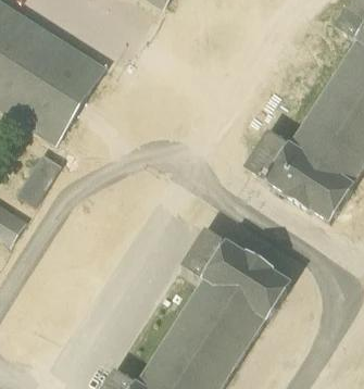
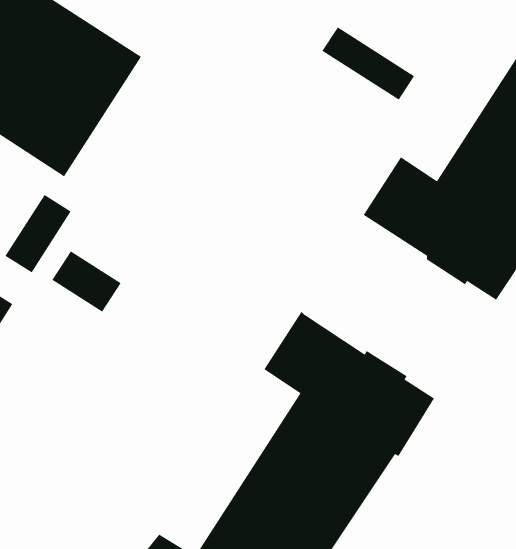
building: none -> [322,26,415,100]
building: none -> [52,250,121,312]

